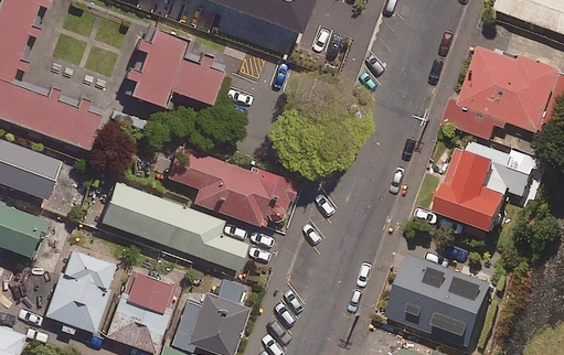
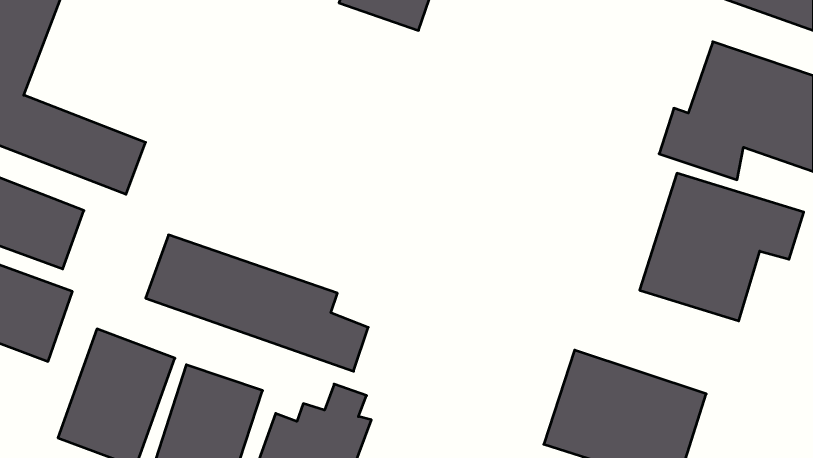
building: [128,23,233,110] -> none
building: [177,146,292,229] -> none

